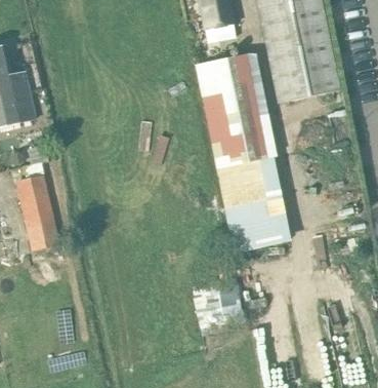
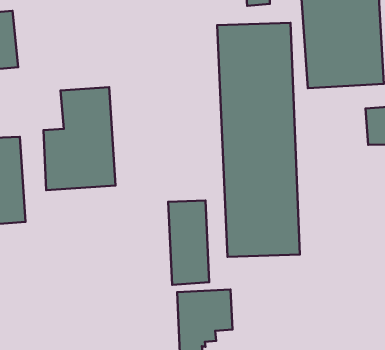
building: none -> [43,87,116,190]
building: none -> [168,200,209,285]

